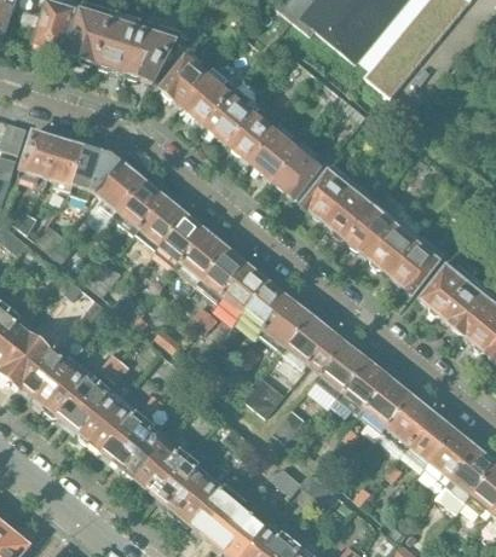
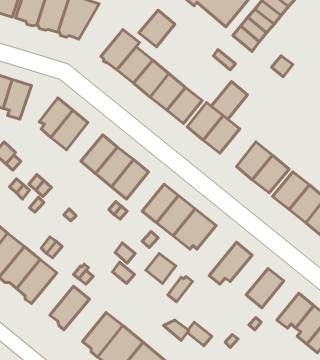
building: [158,54,208,105] -> [139,10,175,47]
building: [71,145,123,199] -> none
building: [135,196,185,249] -> none
building: [346,204,396,256] -> [211,81,247,119]
building: [218,263,270,318] -> none
building: [315,337,369,398] -> none
building: [361,378,413,440] -> none
building: [87,402,145,460] -> none
building: [404,413,455,468] -> none
building: [132,439,190,497] -> none

